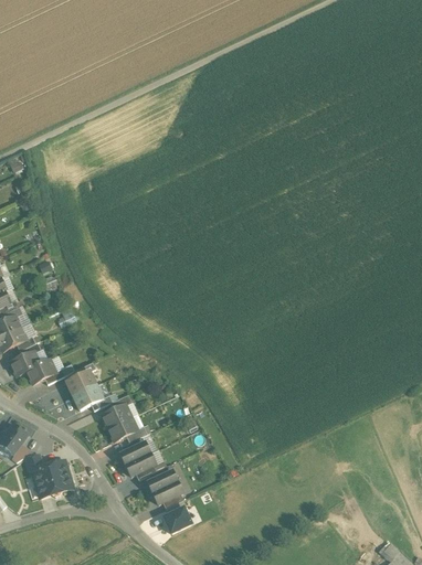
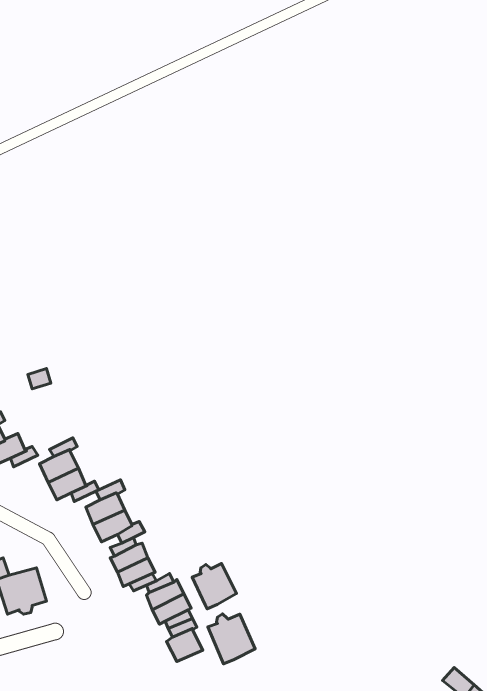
building: none -> [192,563,237,609]
building: none -> [208,614,255,664]

